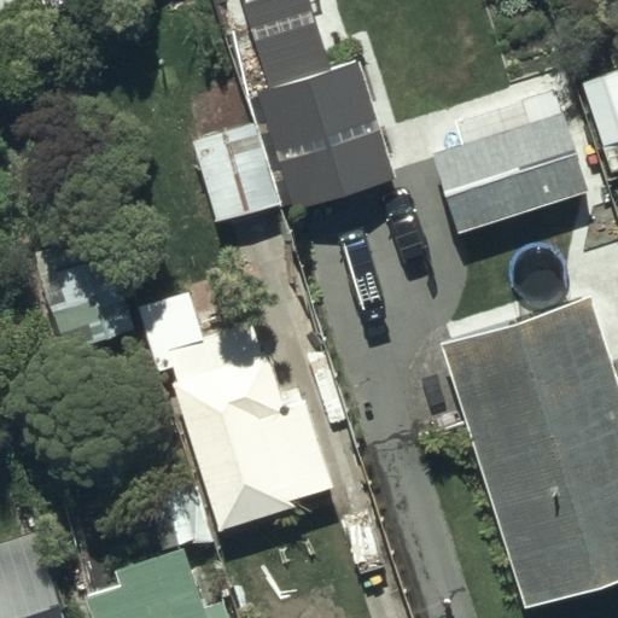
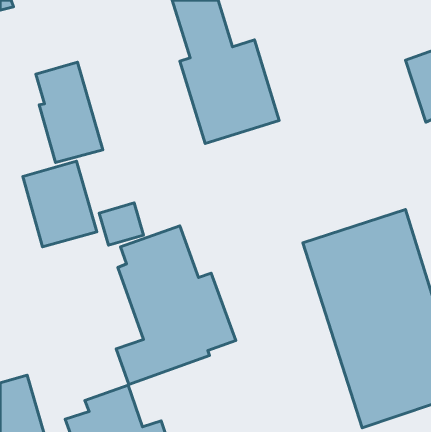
building: [182,81,278,223] -> [36,62,103,162]
building: [428,94,582,234] -> none

